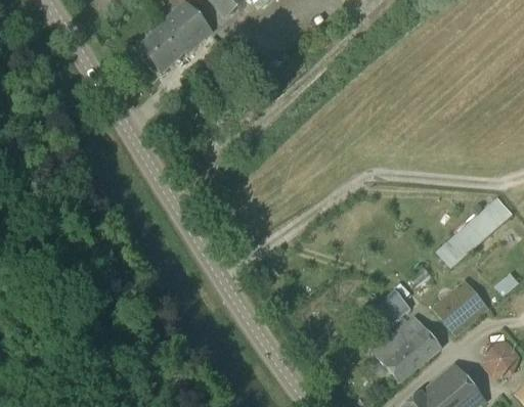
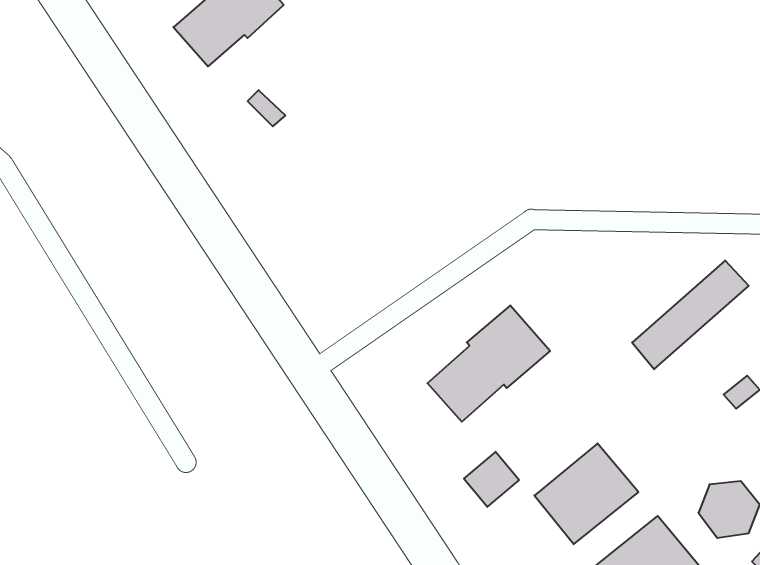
building: none -> [427,305,550,422]
building: [433,280,488,334] -> none
building: [375,289,410,325] -> [464,452,519,507]

